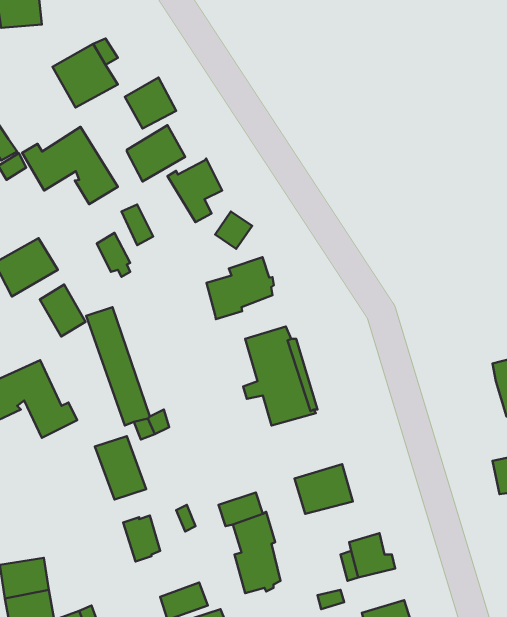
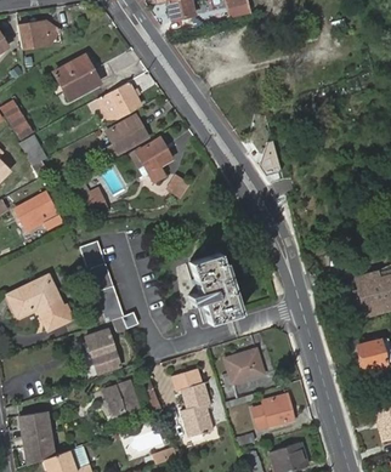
building: [22,127,118,204] -> none
building: [207,257,274,319] -> none
building: [40,285,86,337] -> none

